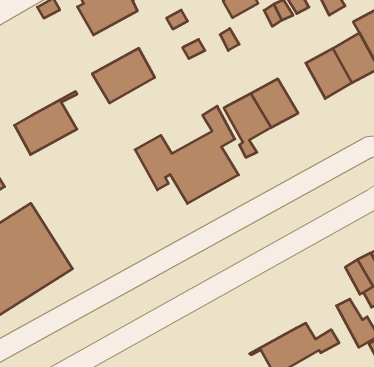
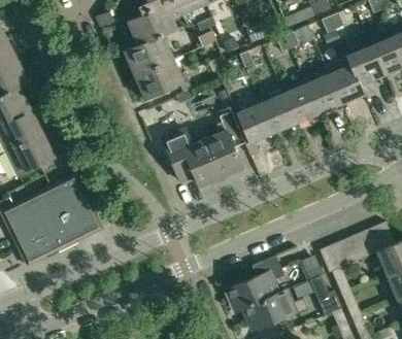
building: none -> [281,83,317,123]
building: [14,92,77,155] -> [124,28,176,74]
building: none -> [228,256,283,310]

